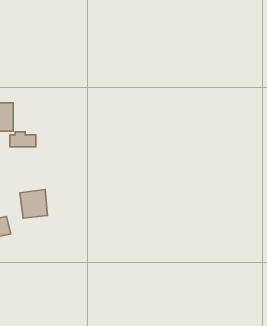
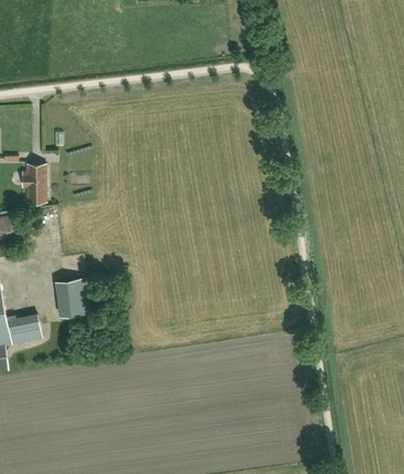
building: [10,132,36,147] -> none

